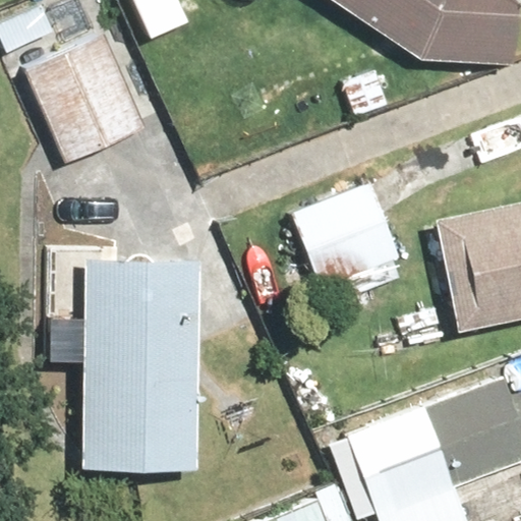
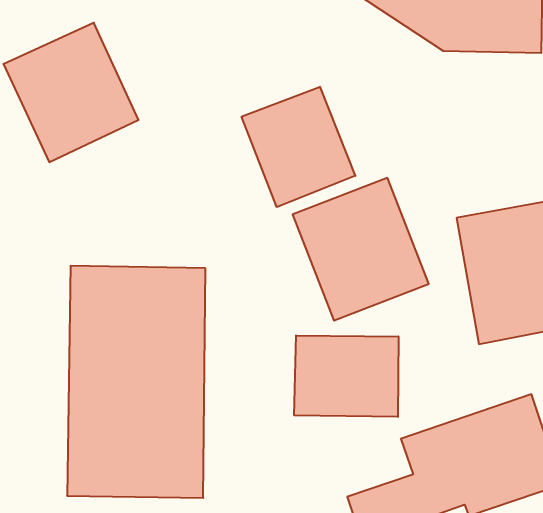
building: none -> [242,87,355,207]
building: none -> [294,335,398,417]

